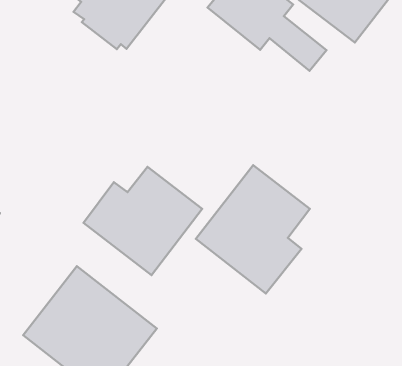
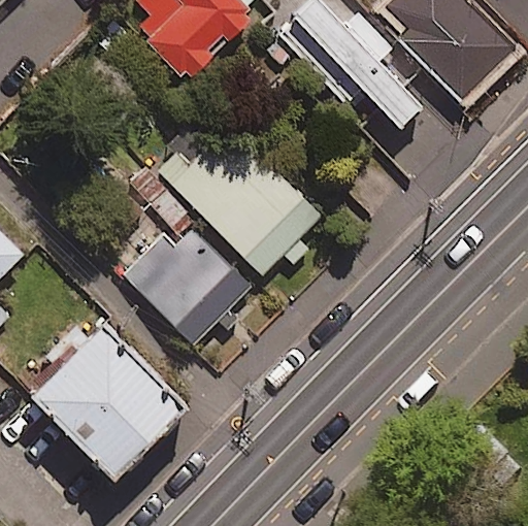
building: none -> [155,132,318,273]
building: [196,165,310,293] -> none

